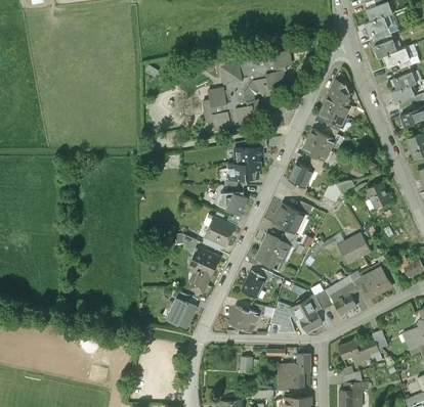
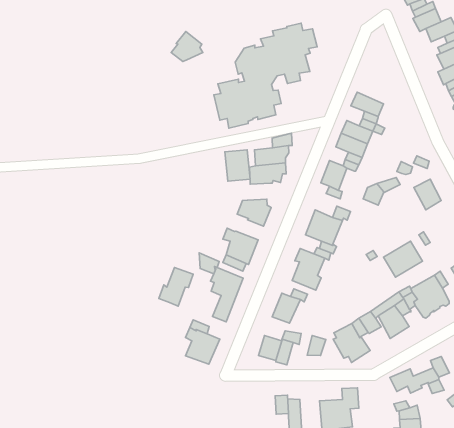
building: none -> [171,32,203,62]
building: [324,79,350,117] -> none
building: none -> [225,150,250,181]
building: none -> [159,267,193,306]

